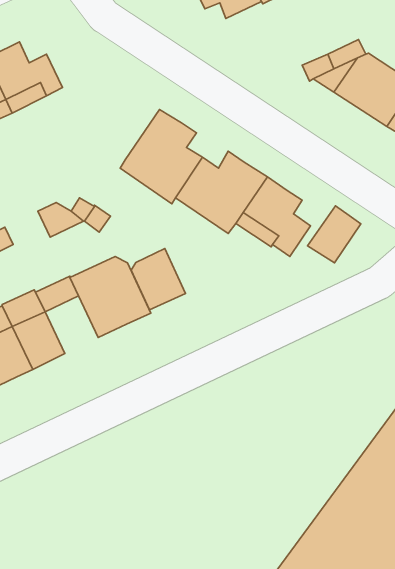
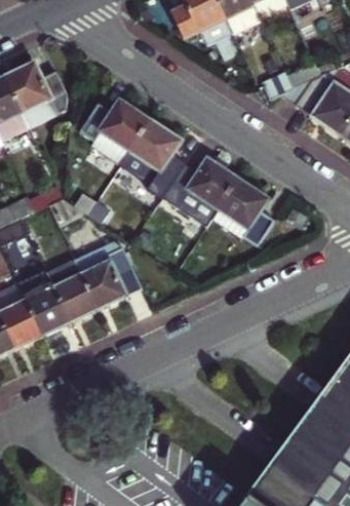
building: none -> [78,96,149,160]
building: [308,206,361,263] -> none
building: [131,249,185,310] -> none
building: none -> [53,274,98,322]

